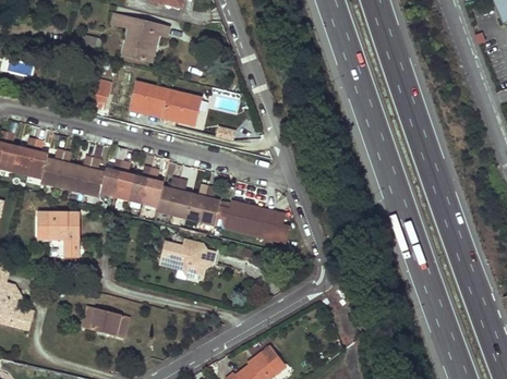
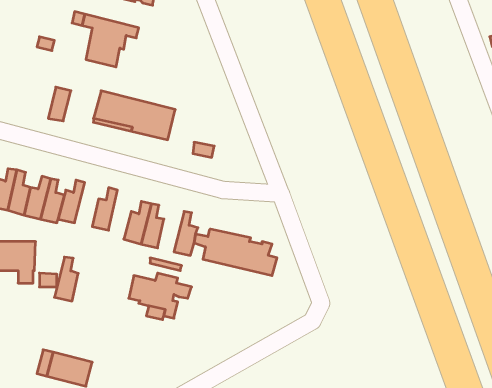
building: [113,161,134,199] -> [54,257,78,301]
building: [143,168,162,207] -> none
building: [185,184,208,221] -> none

